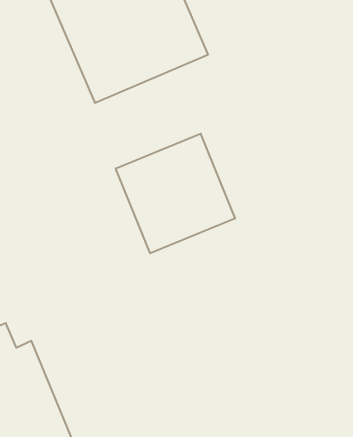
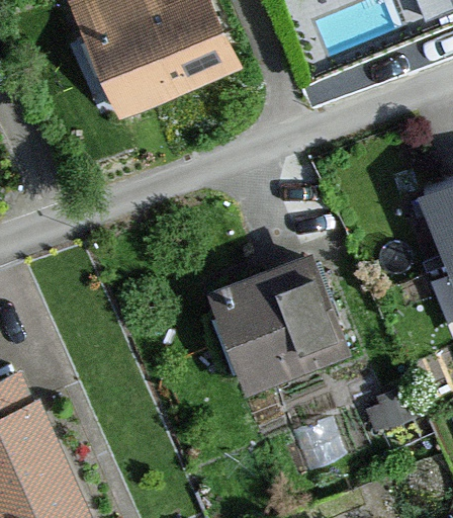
building: [116,134,235,253] -> [210,255,348,393]

